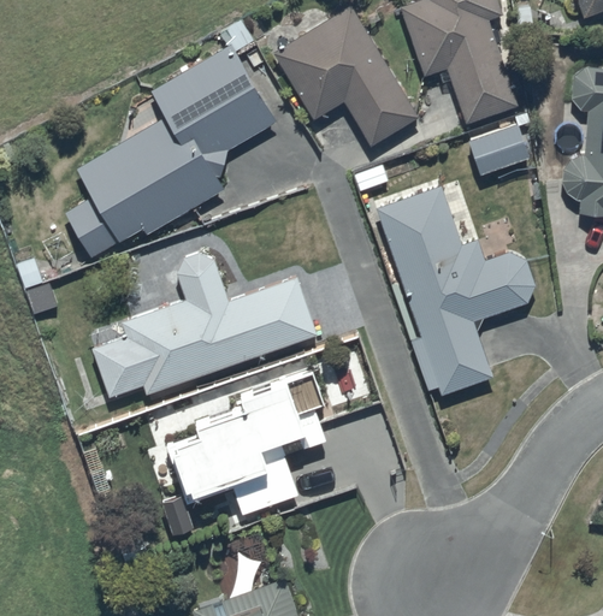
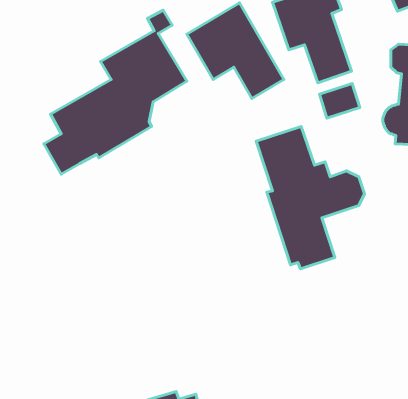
building: [93,253,317,398] -> none
building: [165,360,370,515] -> none

